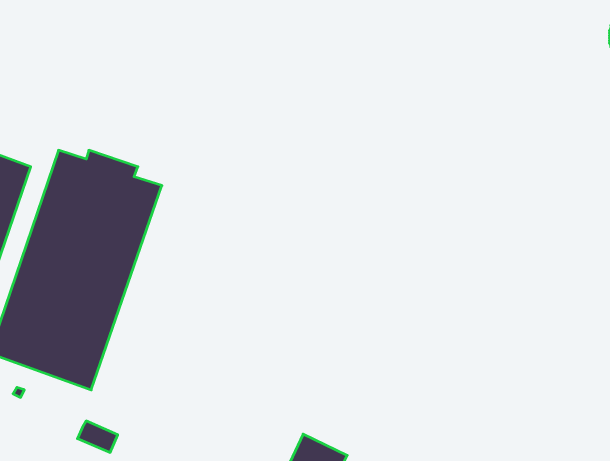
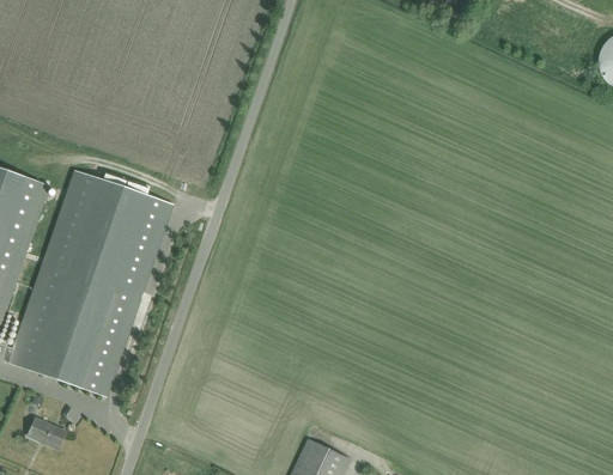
building: [77,421,118,452] -> [26,418,65,447]

